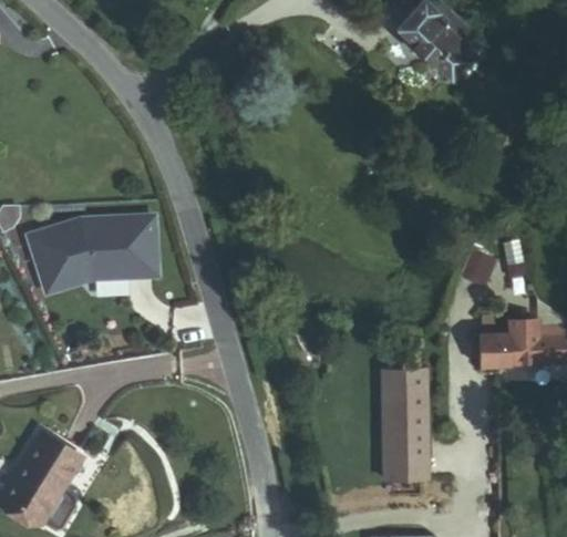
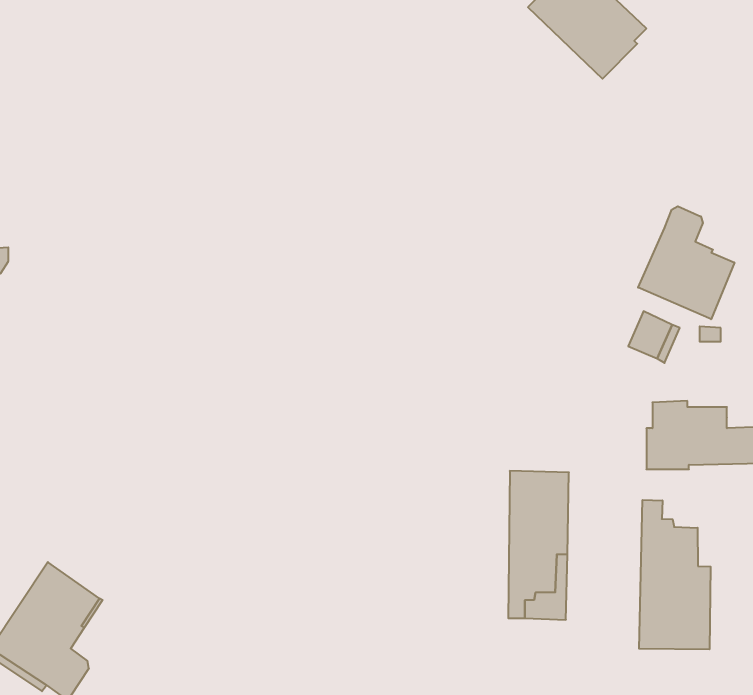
building: none -> [638,206,734,319]
building: [28,216,155,293] -> none
building: none -> [639,500,711,649]

